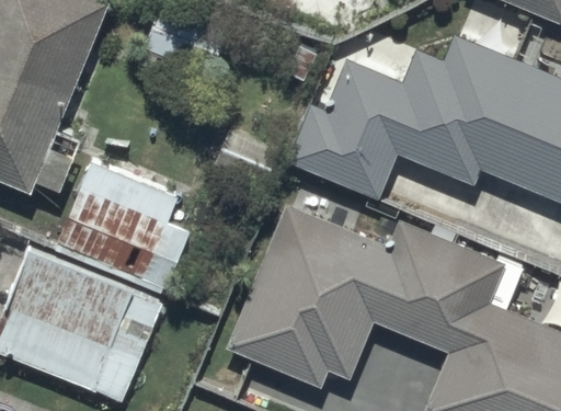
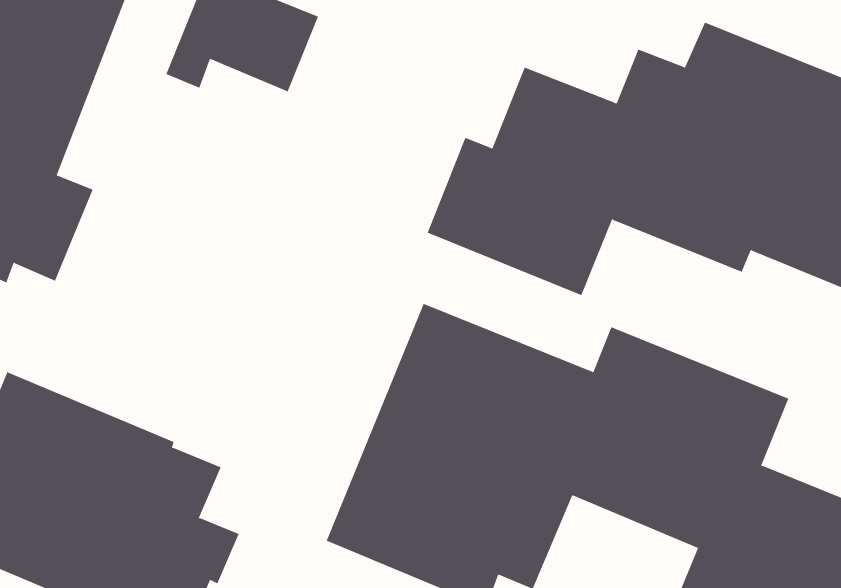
building: [53,162,192,296] -> none

